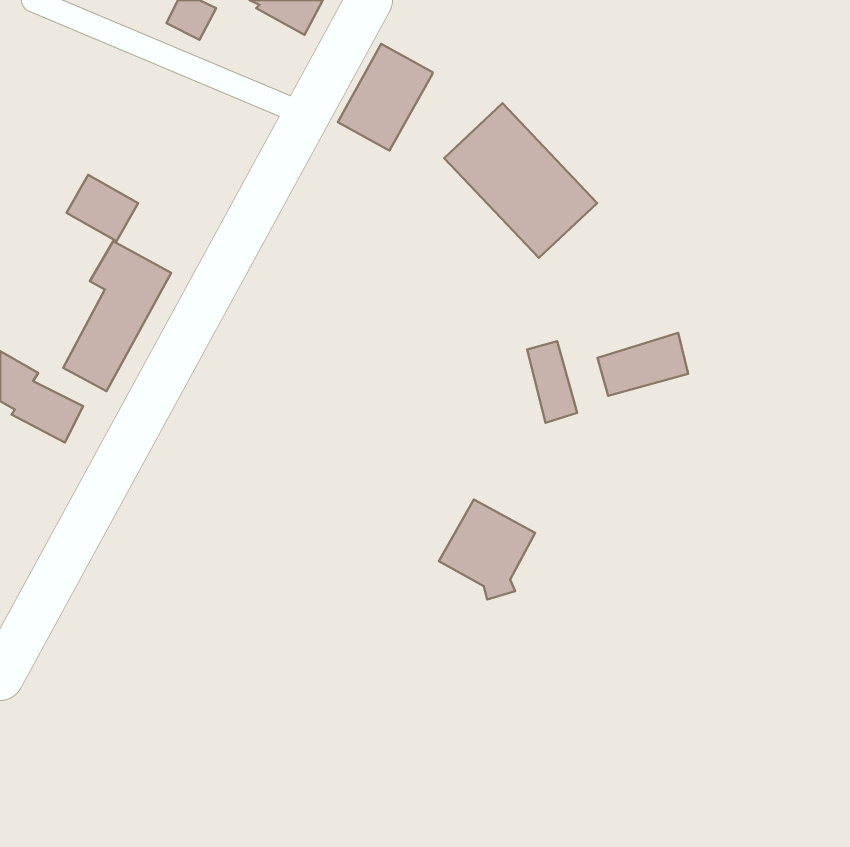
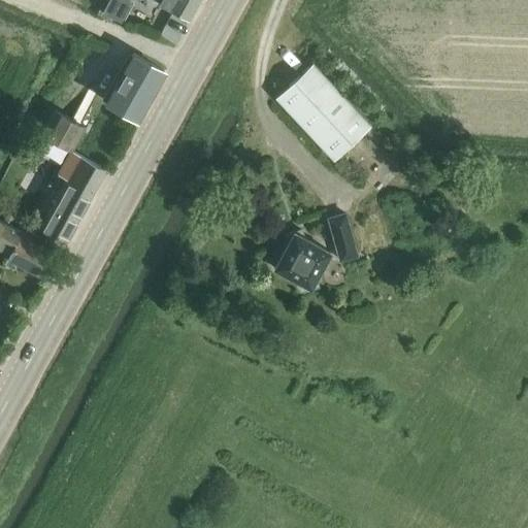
building: [338,44,433,150] -> [105,55,164,121]
building: [598,333,688,396] -> none
building: [439,500,535,599] -> [272,232,332,294]

